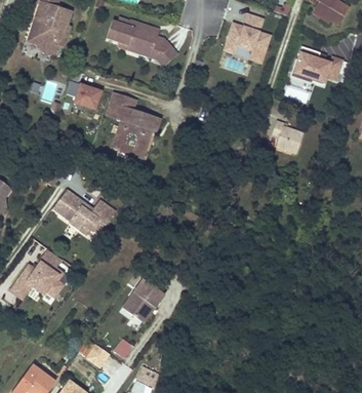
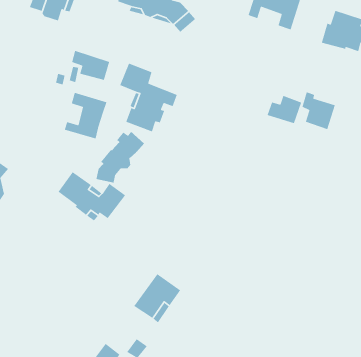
building: none -> [64,92,107,140]
building: none -> [266,95,302,124]
building: none -> [96,131,145,184]
building: [8,248,71,300] -> none

